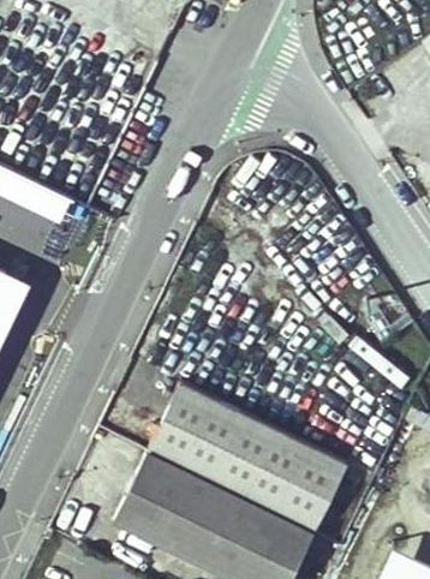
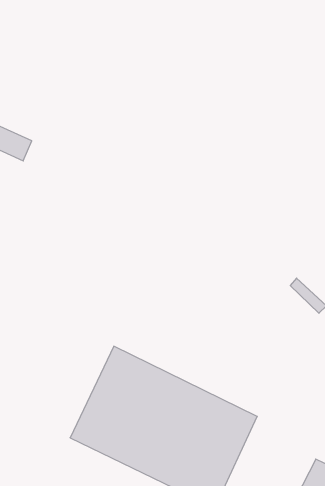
building: [165,389,342,500] -> none

